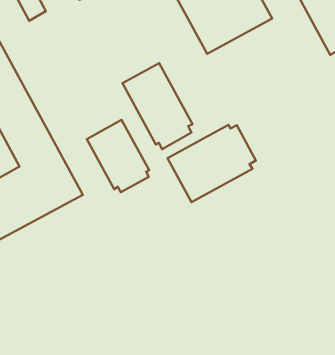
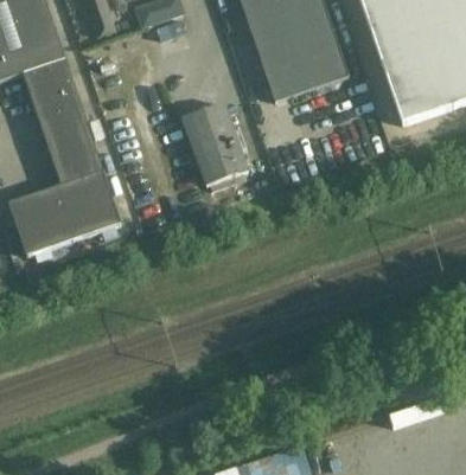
building: [87,120,149,192] -> none
building: [167,125,256,202] -> none

